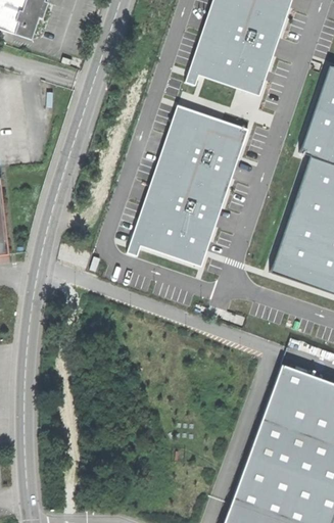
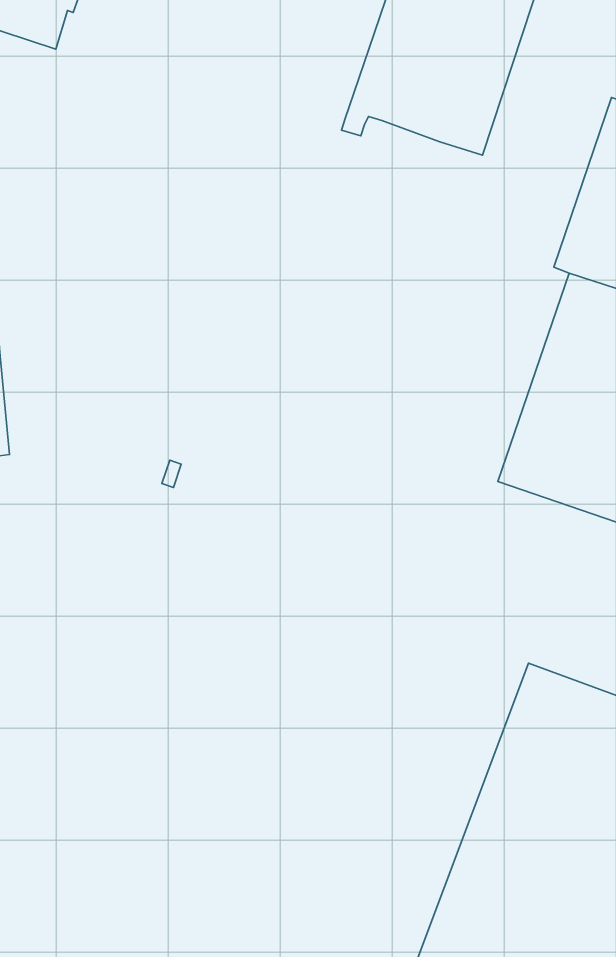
building: [126,105,248,266] -> none

